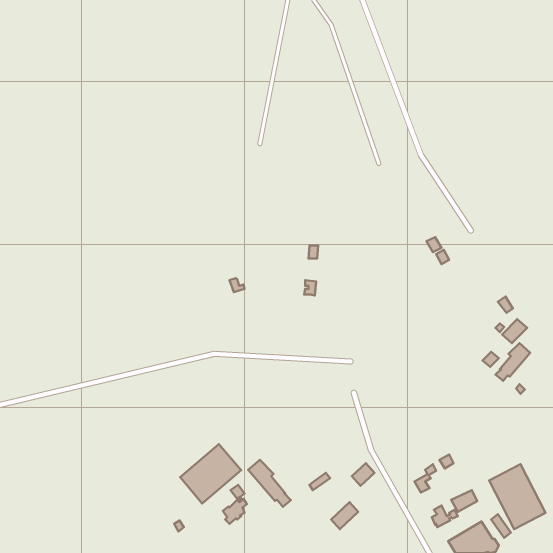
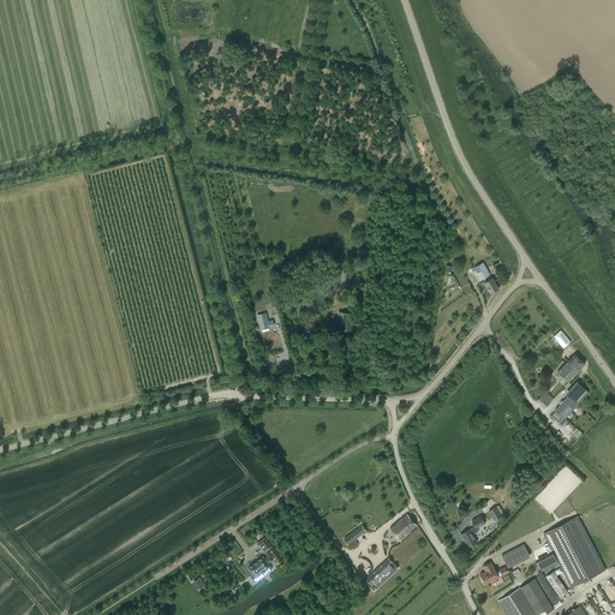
building: [180,444,241,503] -> none
building: [248,460,291,507] -> none

